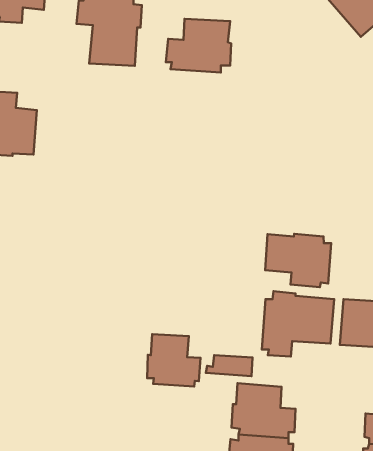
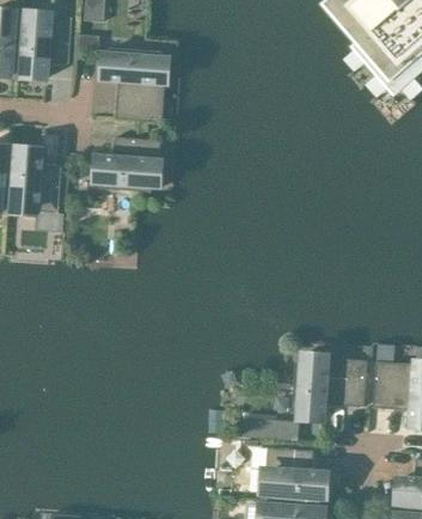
building: [166,19,231,73] -> [94,136,161,191]
building: [265,234,331,287] -> none
building: [147,334,201,386] -> none

